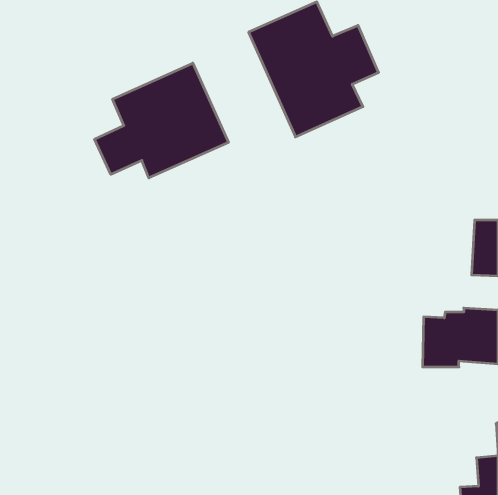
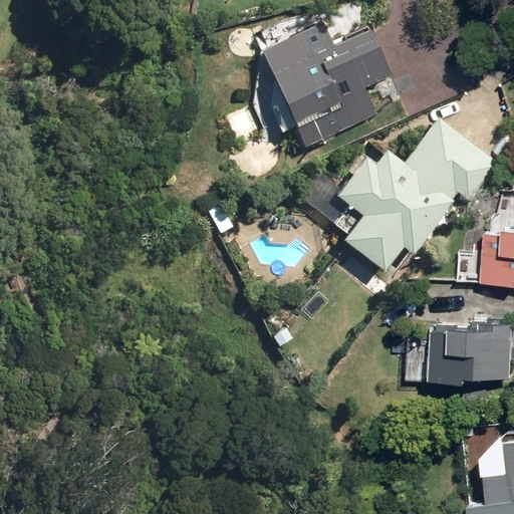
building: [95,63,228,178] -> none
building: none -> [337,119,492,271]

